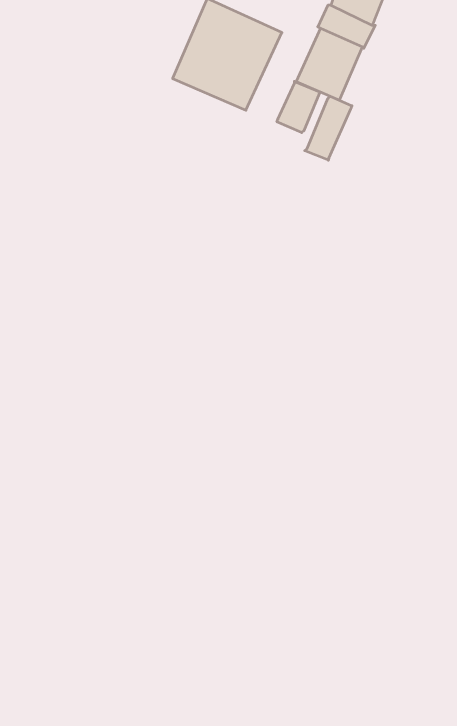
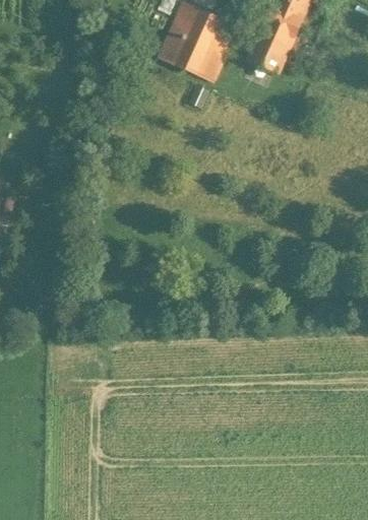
building: [277,81,321,133] -> none
building: [305,96,352,160] -> none

